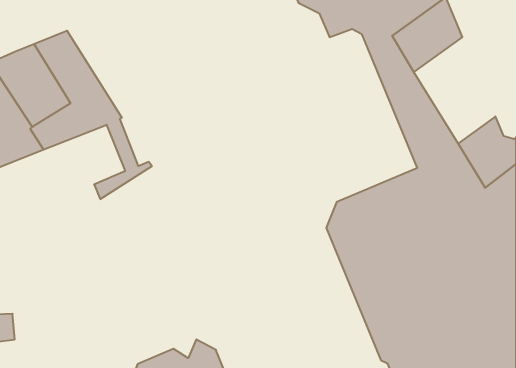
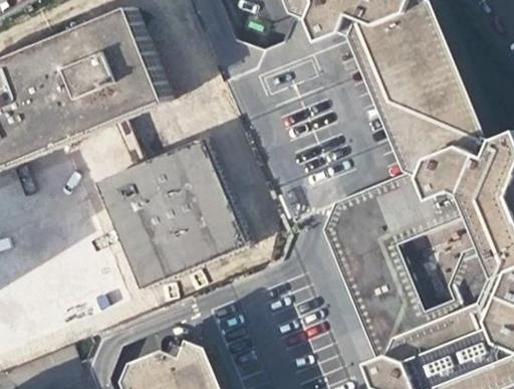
building: none -> [66,9,163,118]
building: none -> [404,39,483,143]
building: none -> [98,140,242,289]

